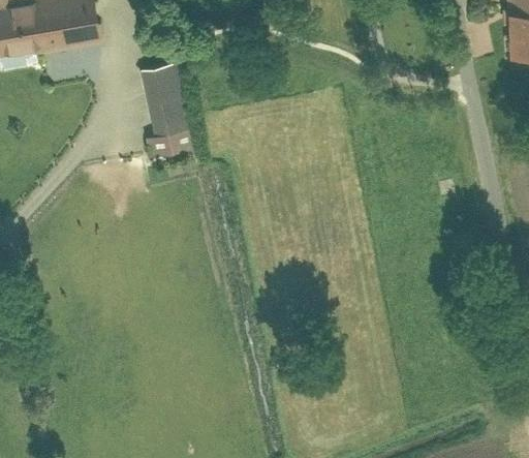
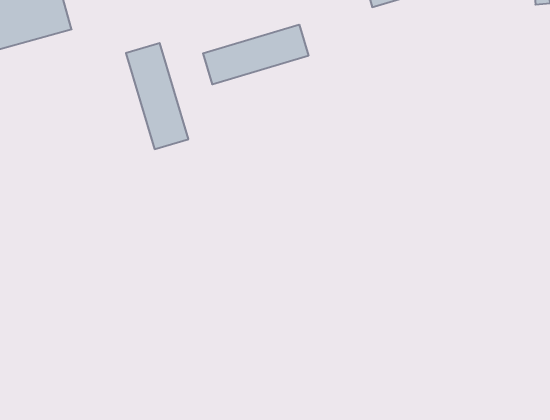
building: none -> [203,25,308,84]

